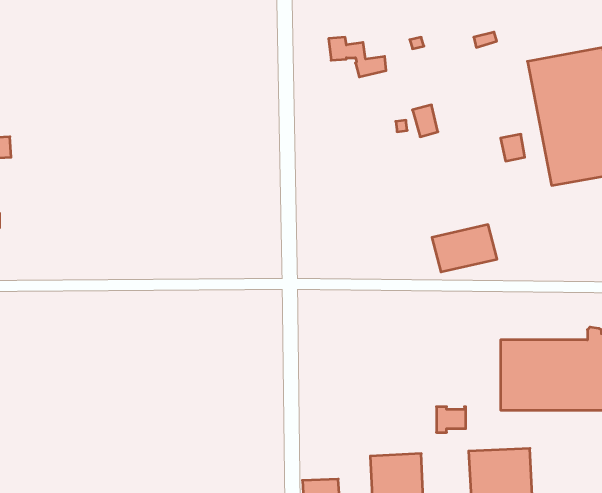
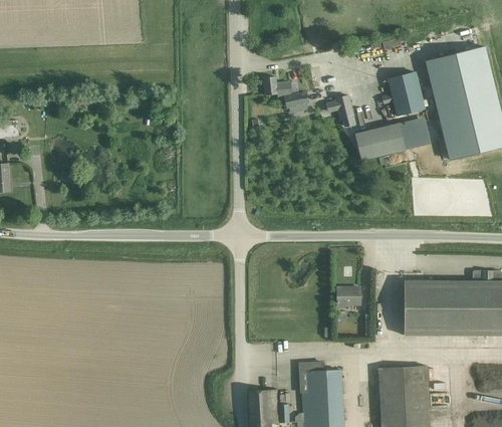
building: [329,37,386,77] -> [264,77,309,109]
building: none -> [389,72,426,117]
building: [432,225,497,272] -> [355,124,407,161]
building: [436,407,466,432] -> [338,288,361,308]

